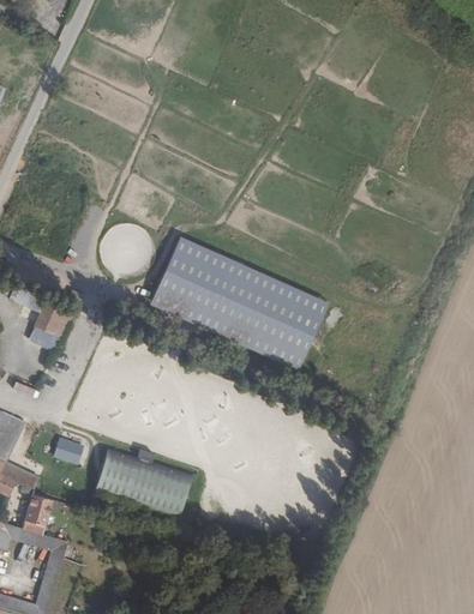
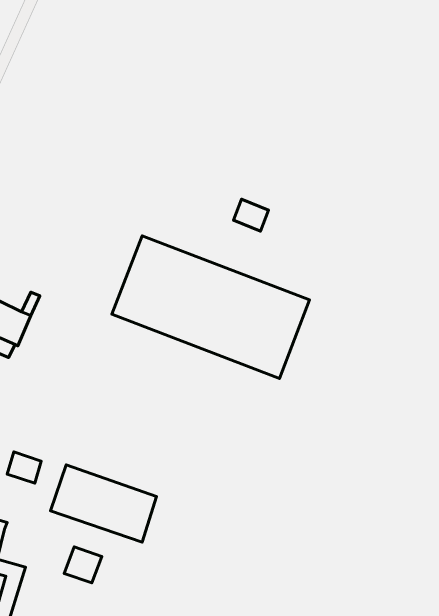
building: none -> [234,199,268,231]
building: none -> [64,547,102,583]

